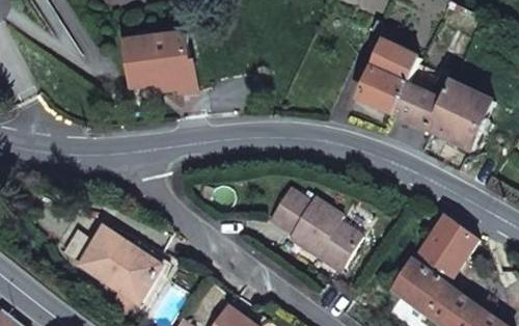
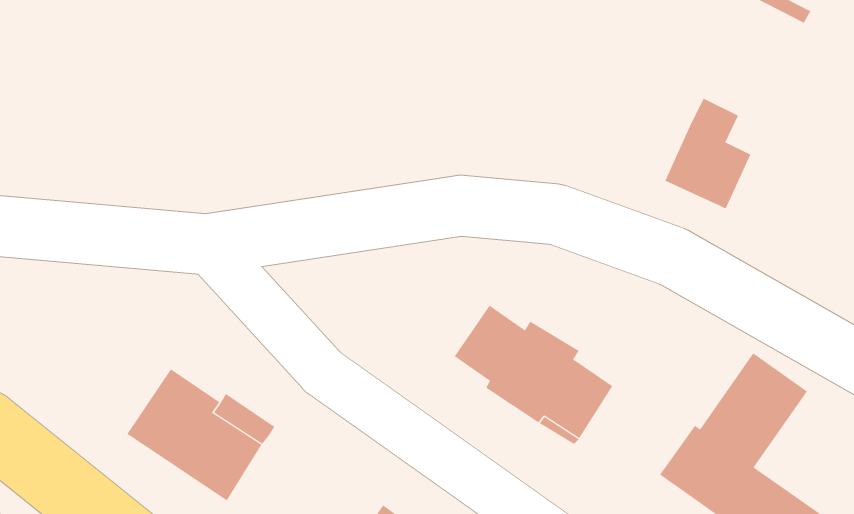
building: [125,33,195,92] -> none
building: [357,39,419,115] -> none
building: [429,77,494,151] -> none

